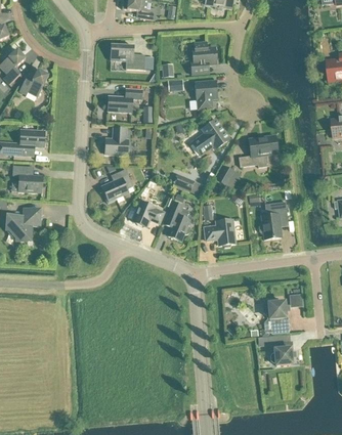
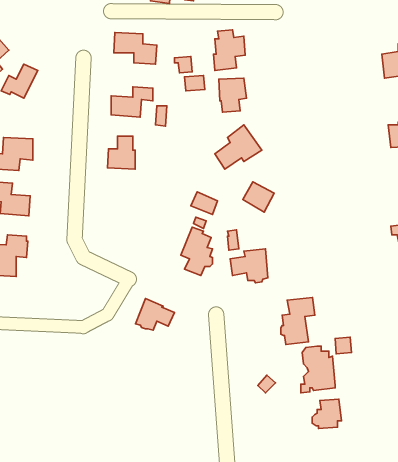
building: [239,135,277,167] -> none
building: [101,169,133,203] -> none
building: [132,201,164,226] -> [135,298,175,330]
building: [259,202,287,240] -> [281,298,315,344]

